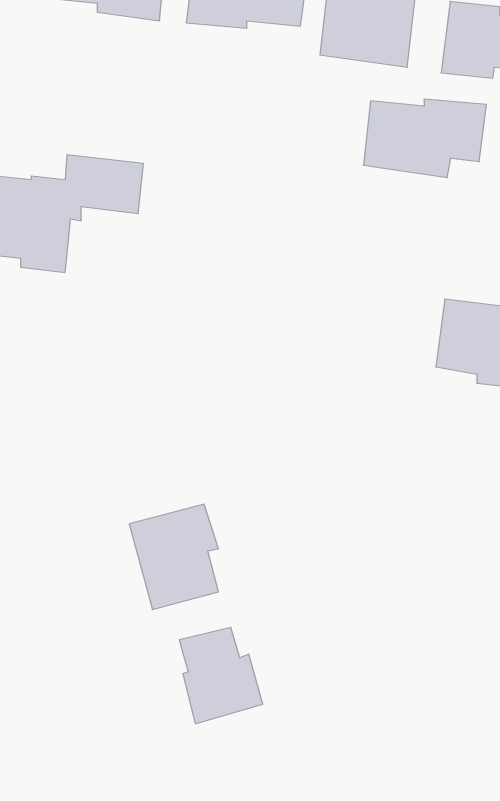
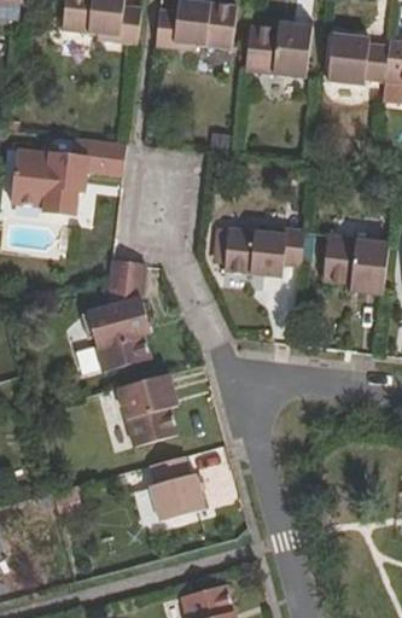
building: [363,99,486,178] -> [222,225,305,278]
building: none -> [81,260,148,371]

